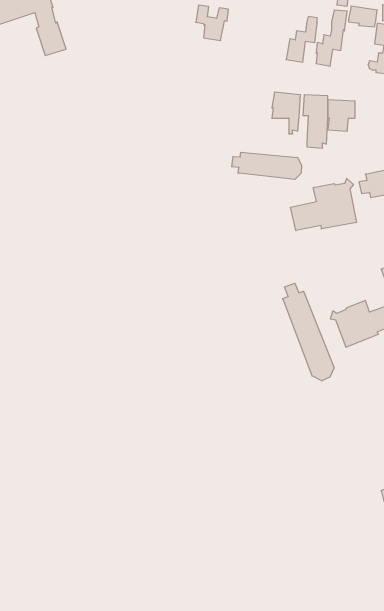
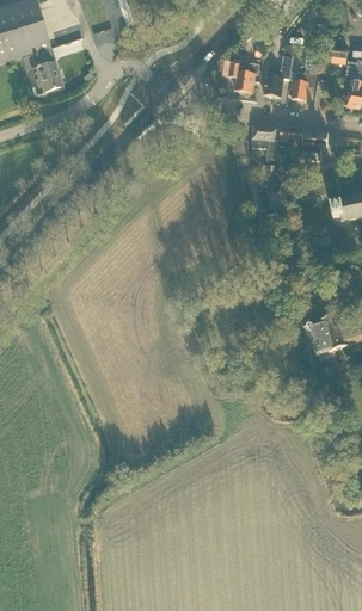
building: [196,5,228,40] -> [227,61,257,93]
building: [232,152,302,179] -> none
building: [290,178,356,231] -> none
building: [283,283,334,381] -> none

